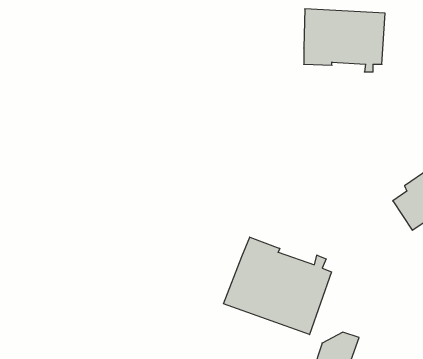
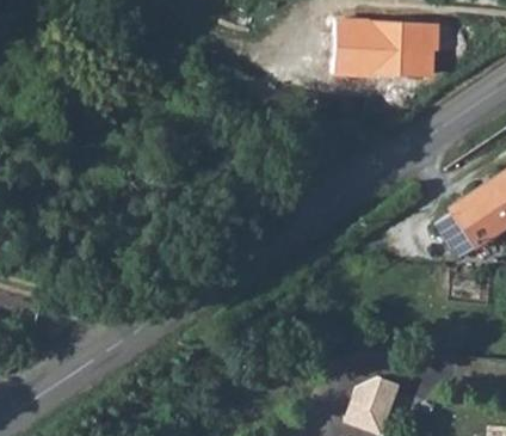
building: [224,237,331,335] -> none

